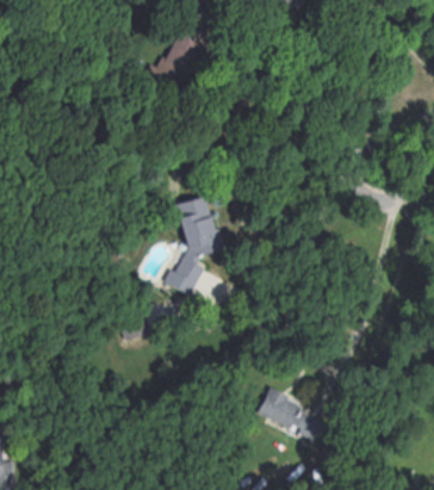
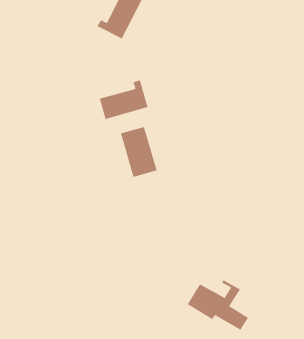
building: none -> [99,79,148,120]
building: [162,255,203,294] -> none

